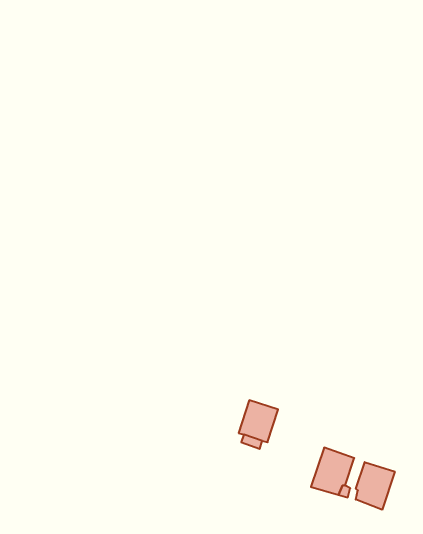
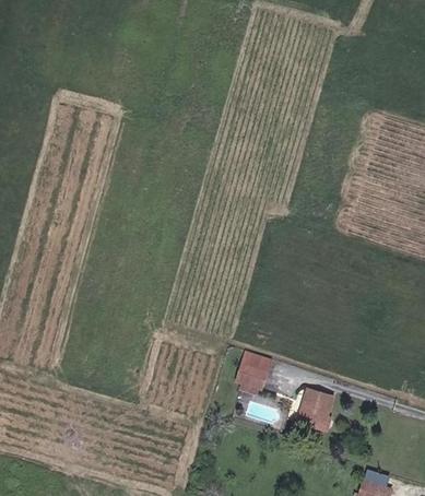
building: [356,462,395,510] -> none

